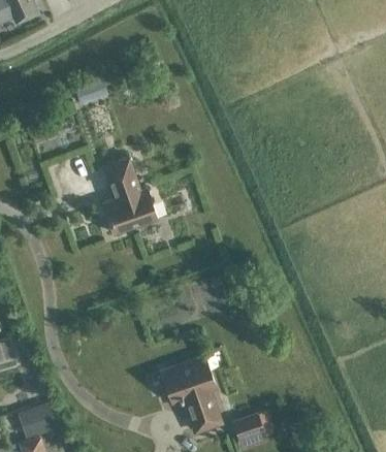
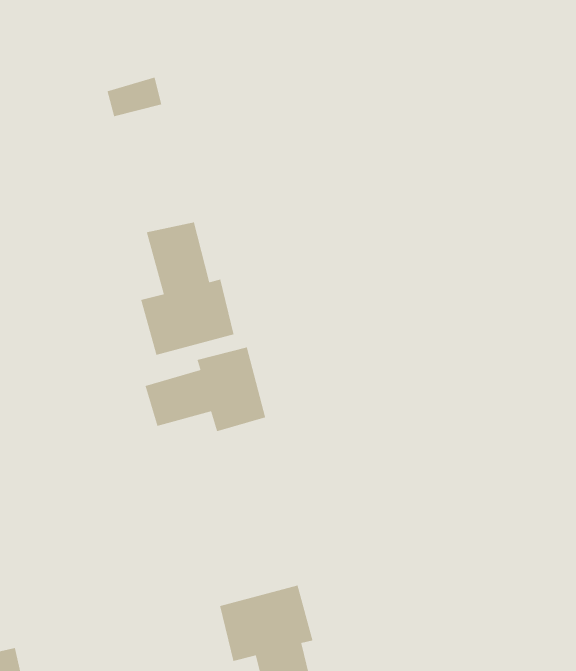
building: none -> [144,347,266,432]

